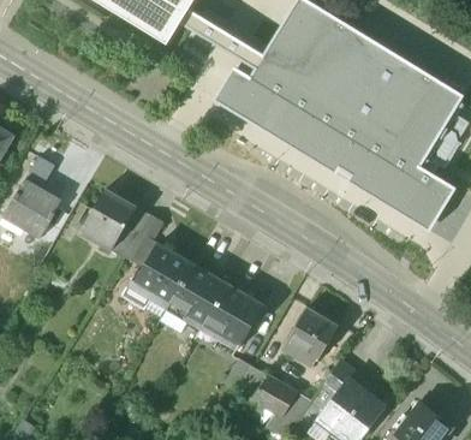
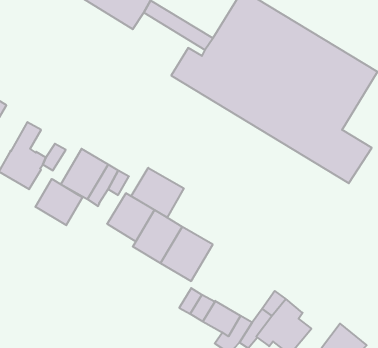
building: none -> [131,168,184,218]
building: none -> [35,179,83,225]
building: [281,308,336,367] -> none

